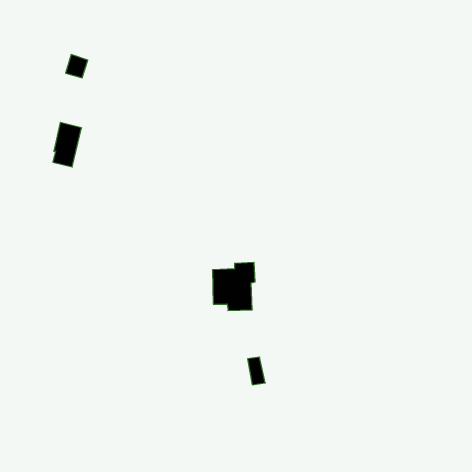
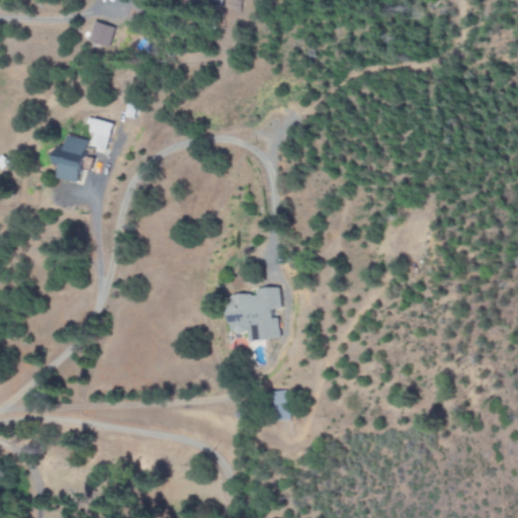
building: [66,55,88,78] -> [87,20,111,46]
building: none -> [88,117,112,149]

